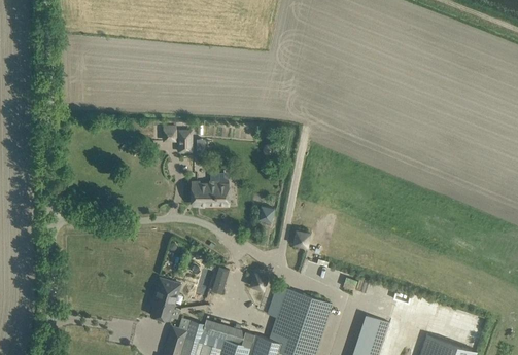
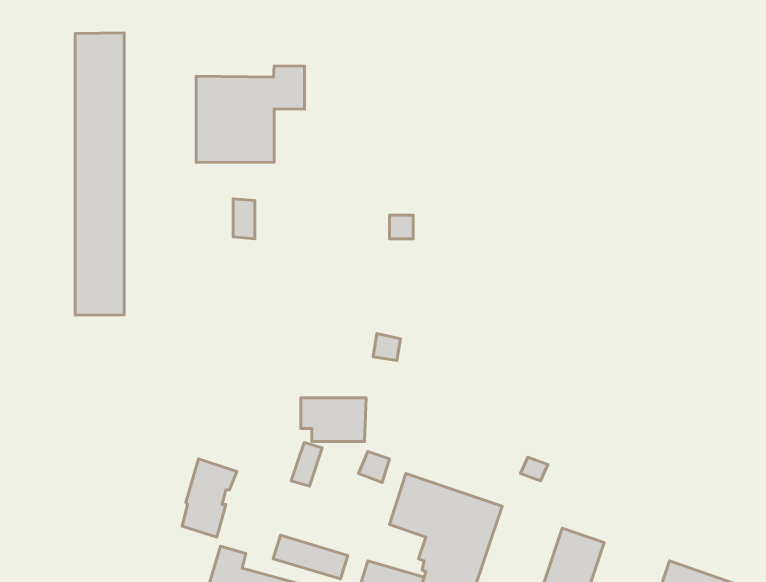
building: none -> [75,33,124,315]
building: none -> [196,66,304,162]
building: [192,182,229,207] -> [301,398,366,441]

